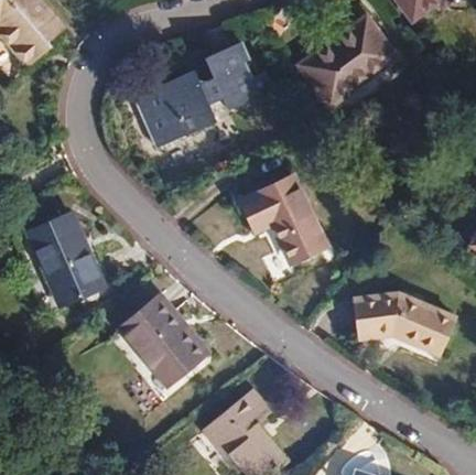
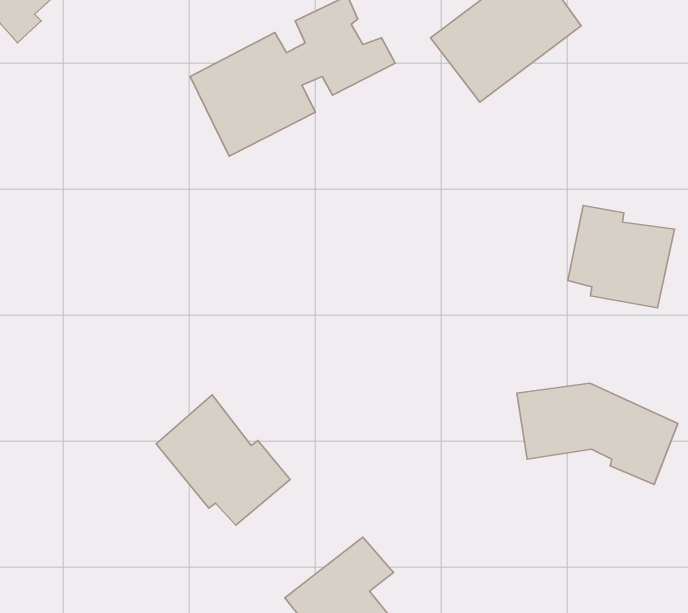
building: none -> [568,205,675,308]
building: [241,177,328,262] -> none
building: [30,214,102,305] -> none

